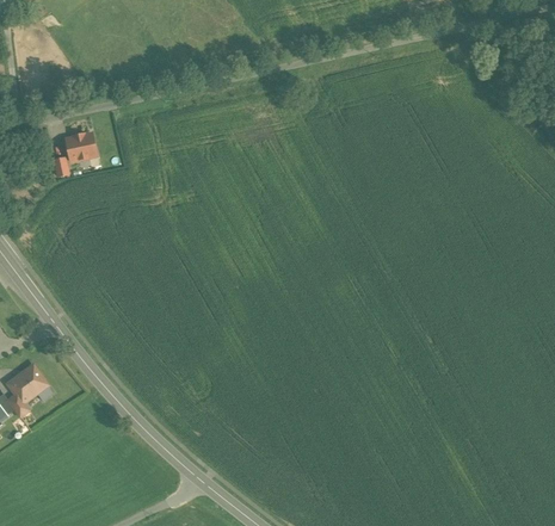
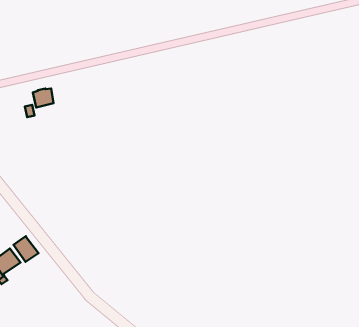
building: none -> [13,236,38,262]

